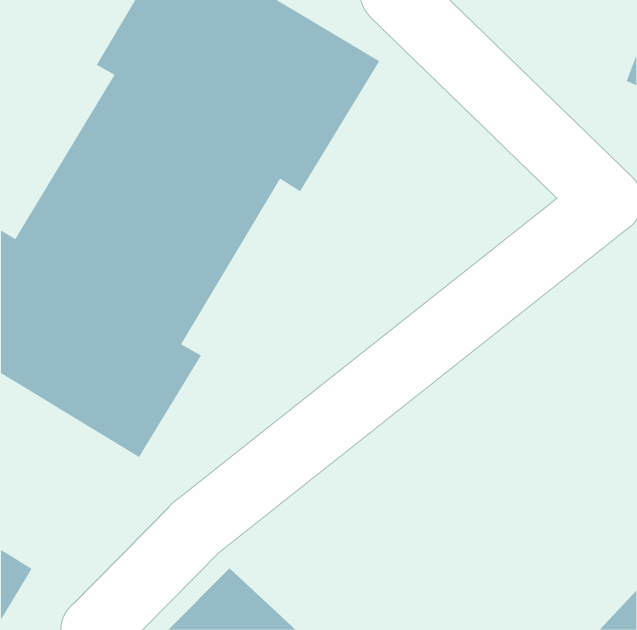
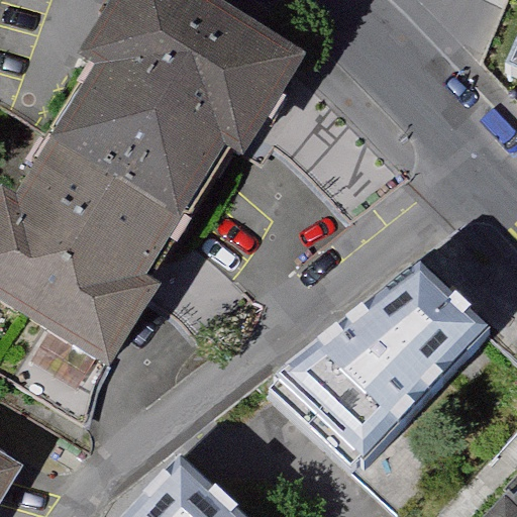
building: none -> [270,270,492,474]

